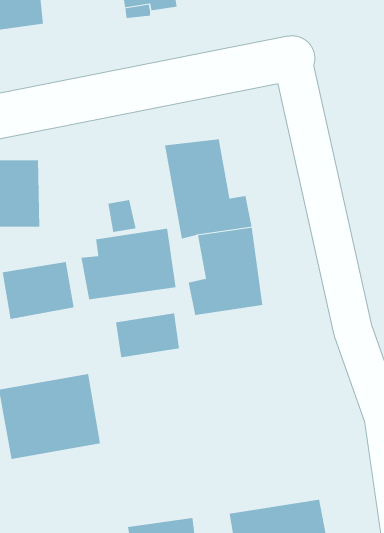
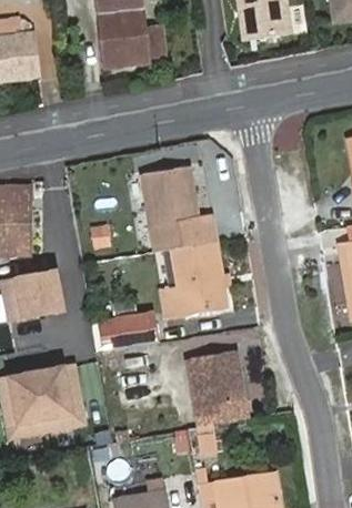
building: [81,228,176,300] -> none
building: none -> [183,355,243,429]

